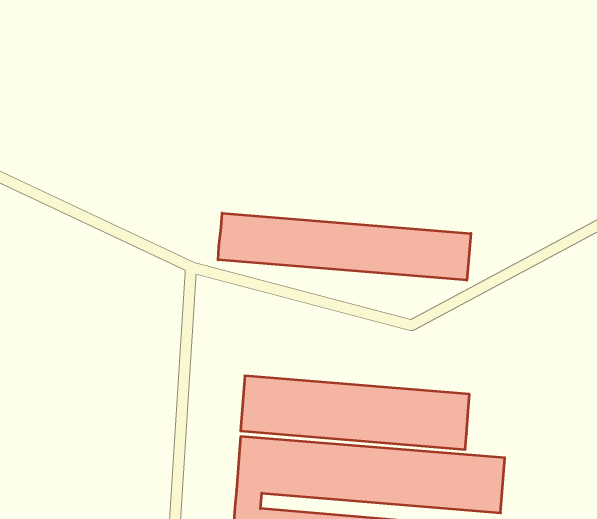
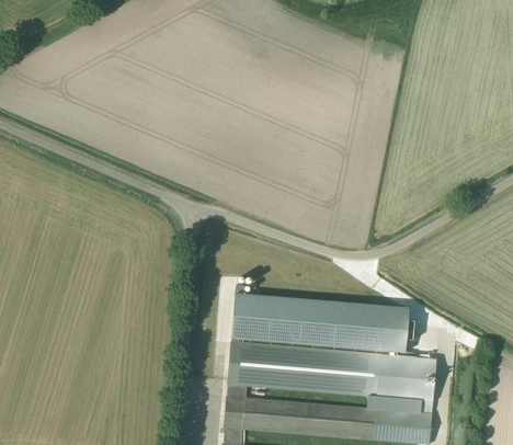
building: [218,213,471,280] -> none

